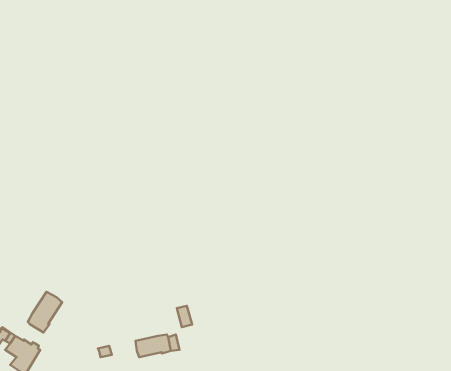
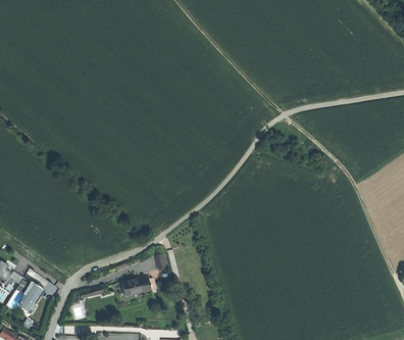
building: [28,292,62,332] -> none

